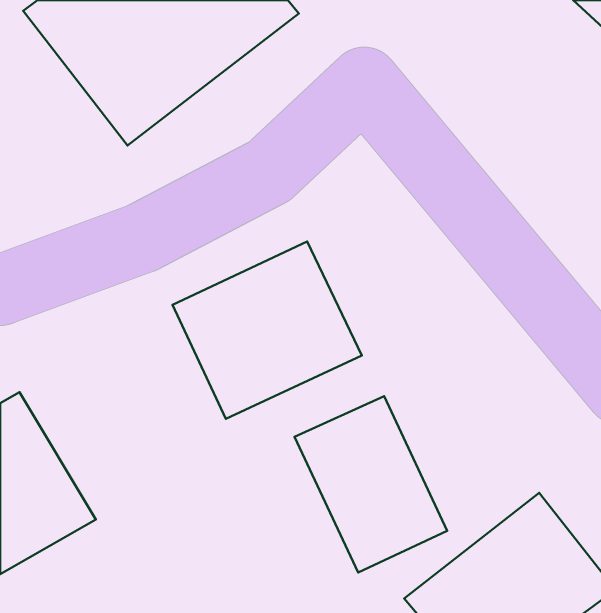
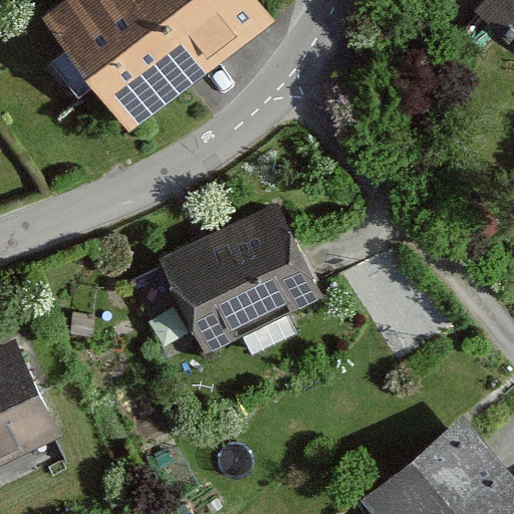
building: [294,396,447,572] -> none

